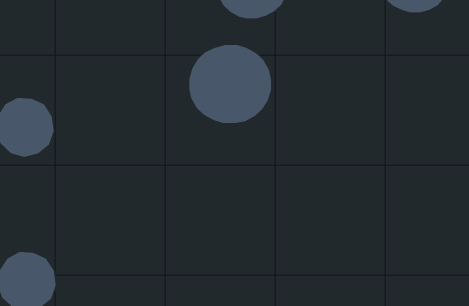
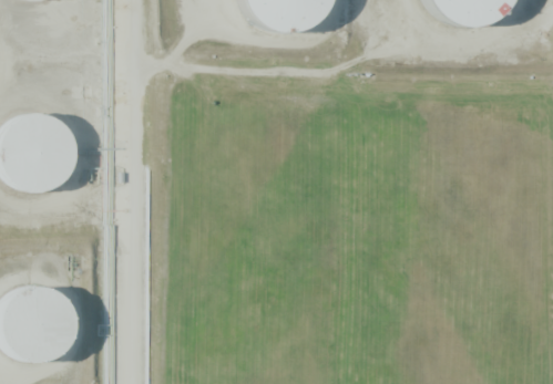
building: [189,44,271,124] -> none

